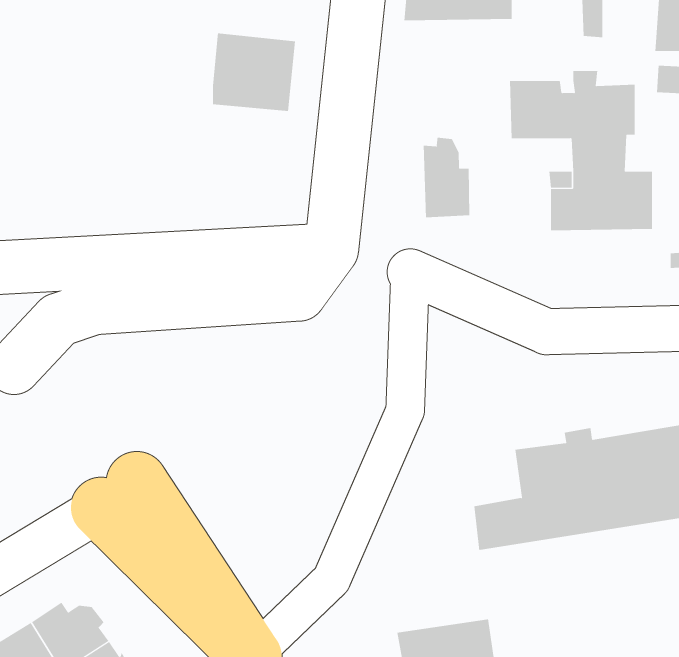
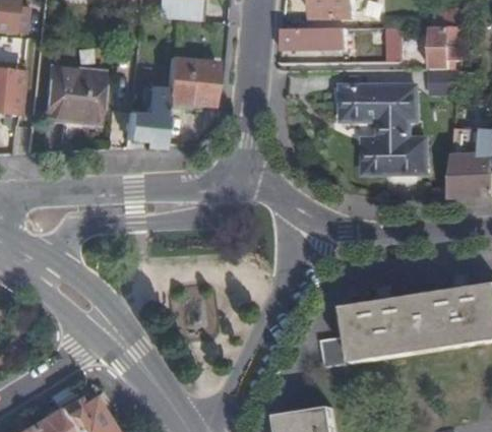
building: none -> [46,67,103,121]
building: none -> [127,87,167,147]
building: [423,137,470,218] -> none

